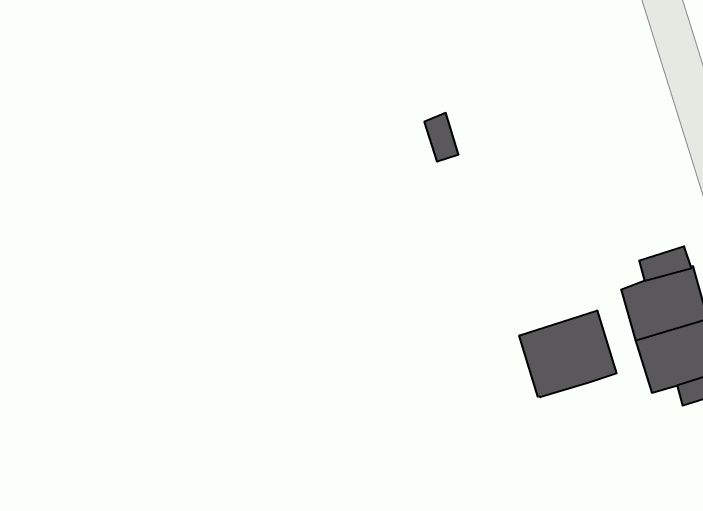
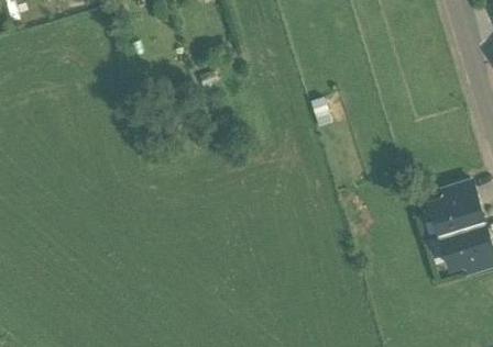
building: [519,310,617,397] -> none

